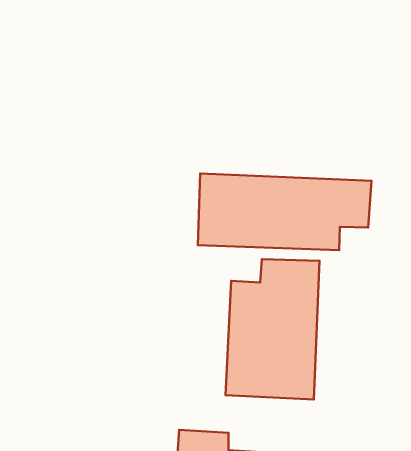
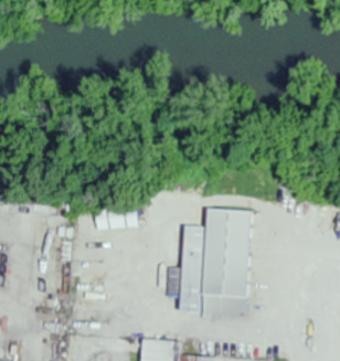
building: [198,174,371,250] -> none

